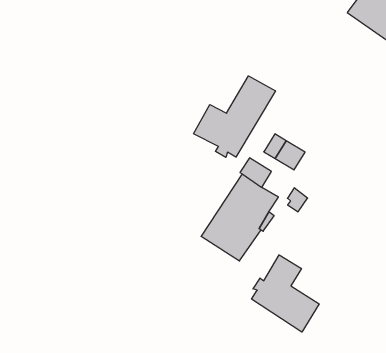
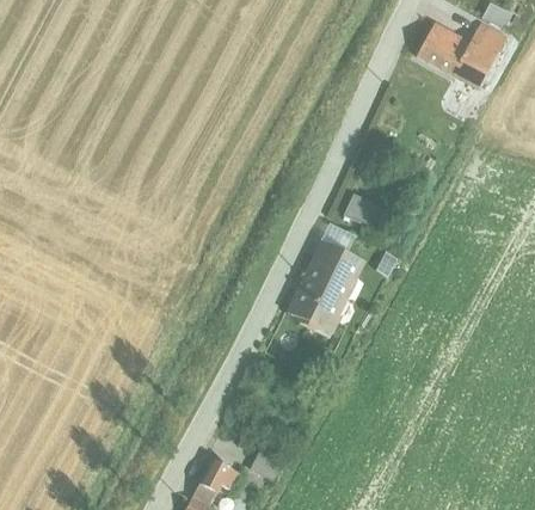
building: [194,76,275,157] -> none
building: [252,255,319,332] -> none

